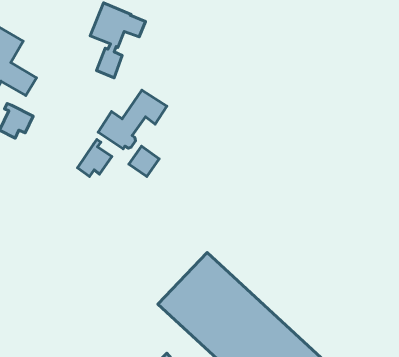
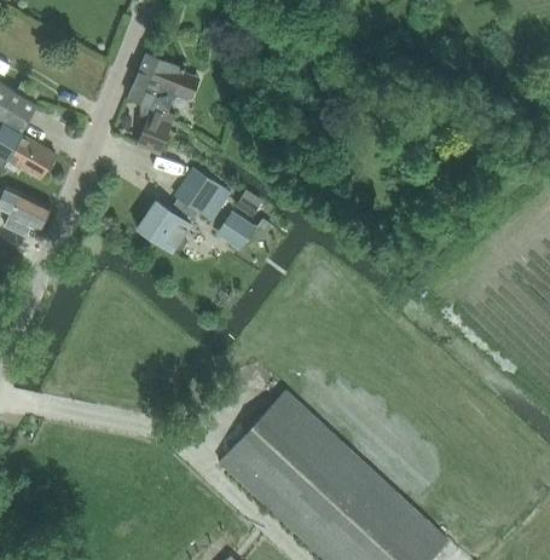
building: [77,140,112,176] -> none
building: [129,146,159,177] -> [216,210,257,252]

